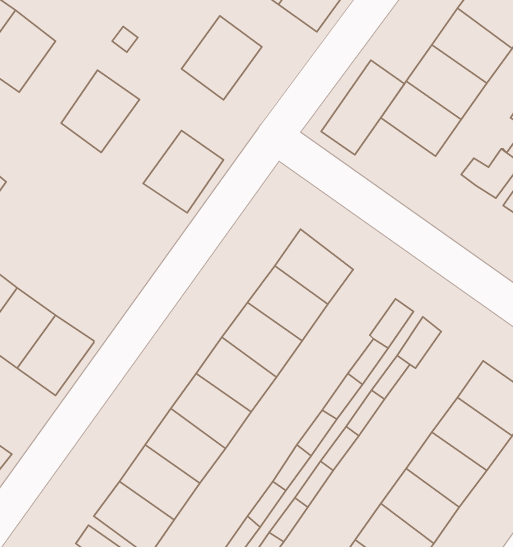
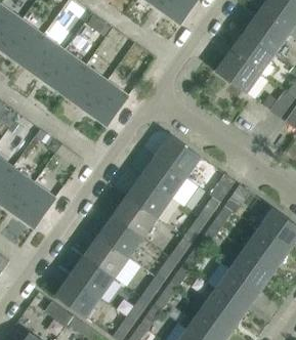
building: [181,16,262,100] -> [59,62,104,110]
building: none -> [13,30,57,76]
building: [321,60,405,155] -> none

